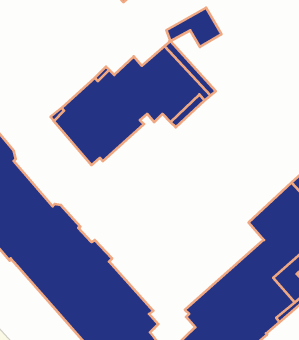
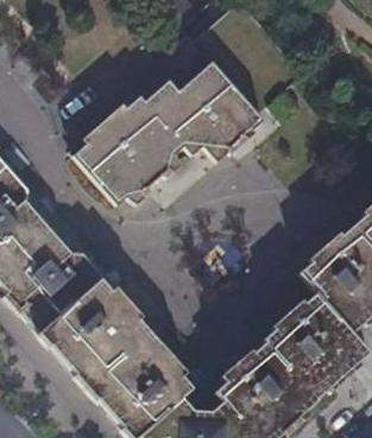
building: [167,8,221,47] -> none

